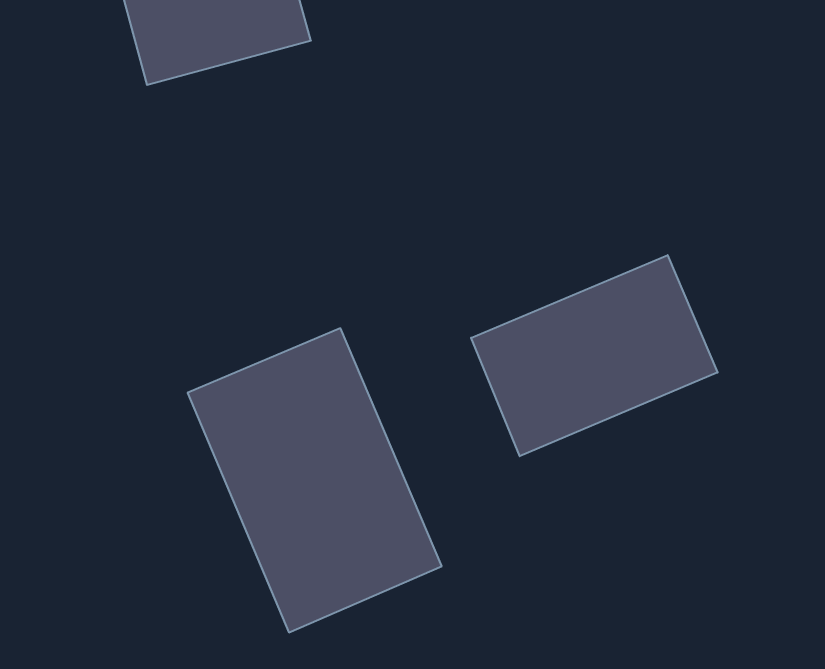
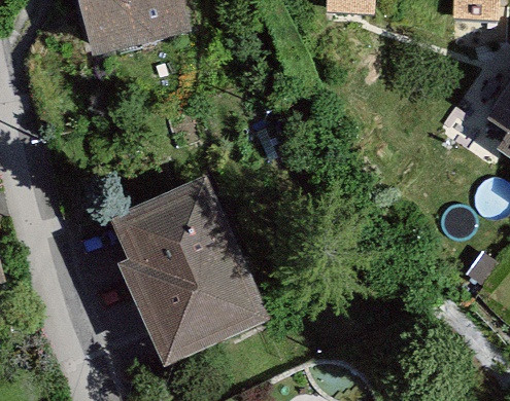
building: [471,255,718,456] -> none

